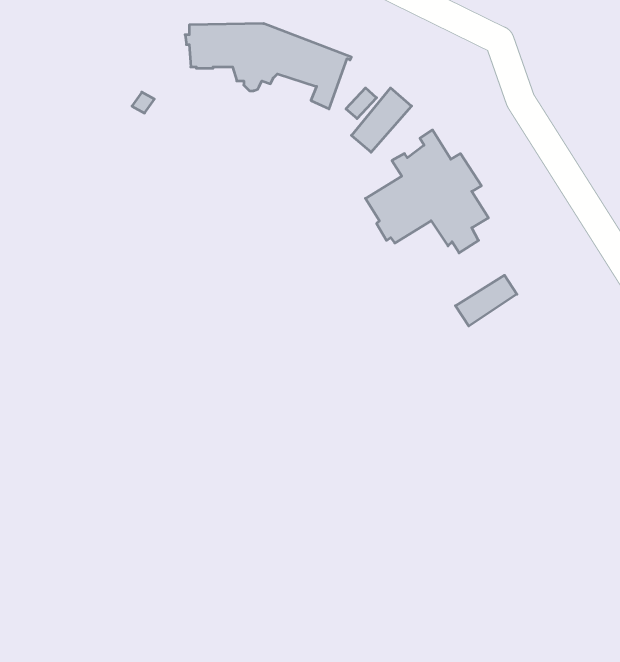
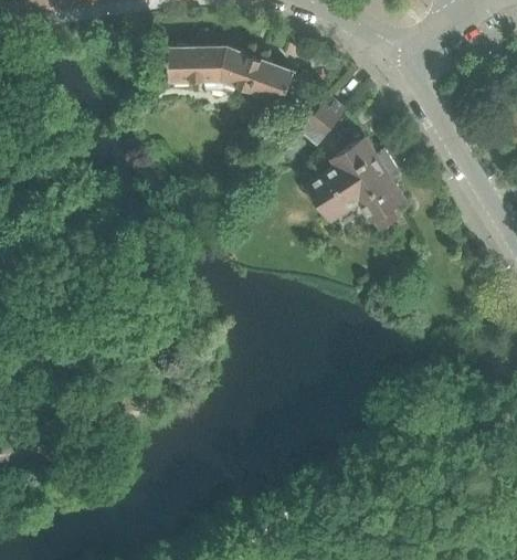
building: [455,275,517,326] -> none

